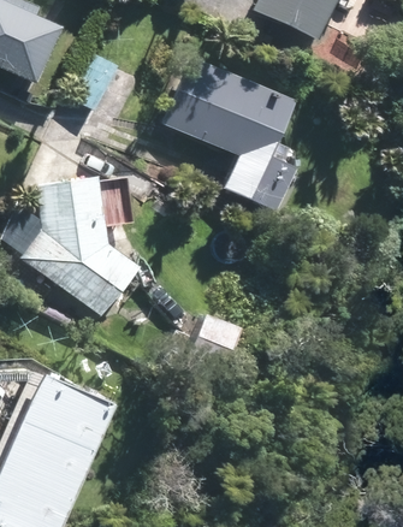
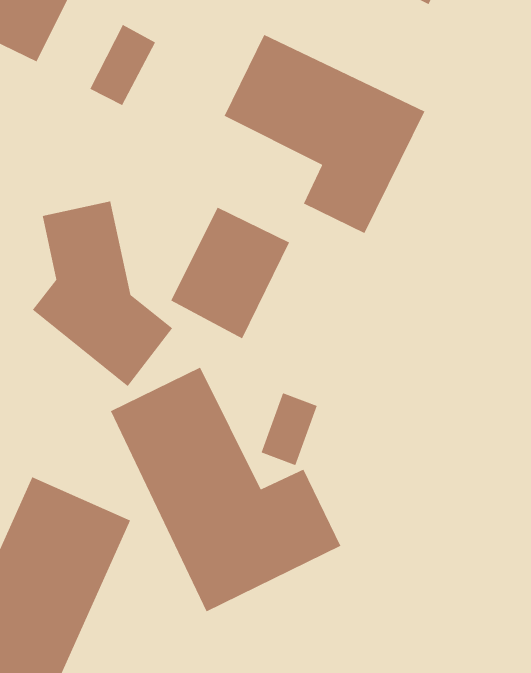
building: none -> [170,207,290,340]
building: none -> [110,367,341,613]

